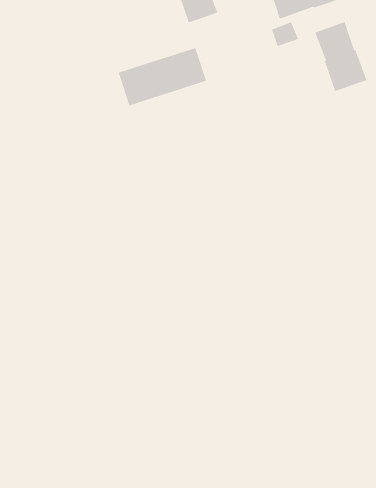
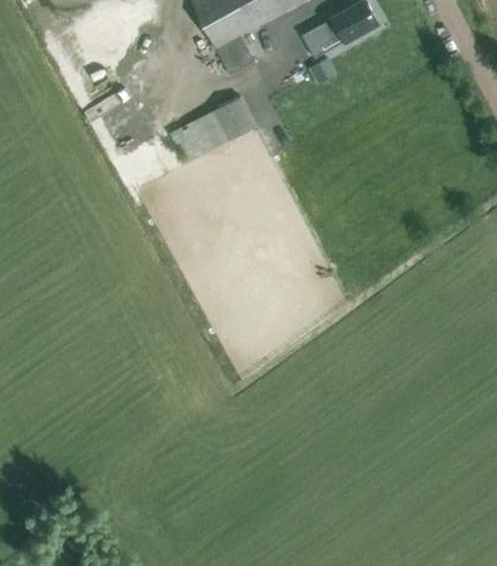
building: [314,21,367,92] -> none

